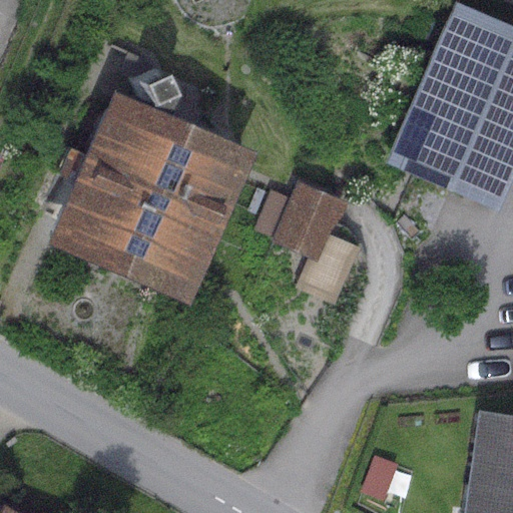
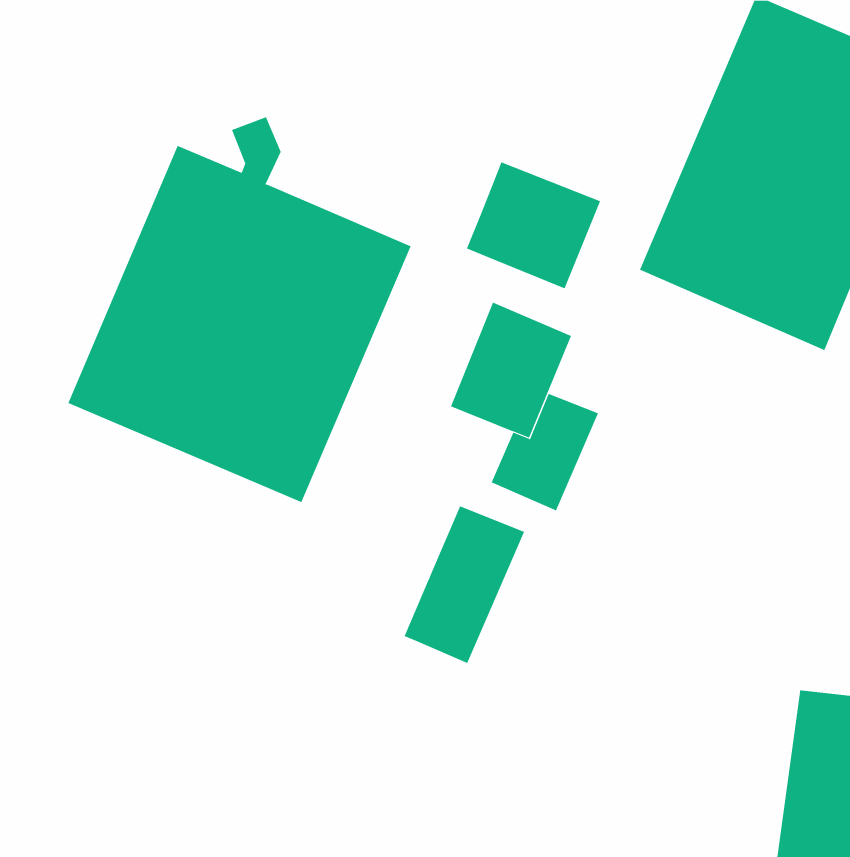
building: none -> [466,162,601,289]
building: none -> [404,506,525,664]

